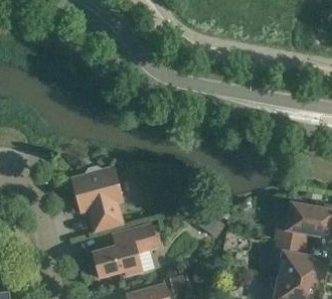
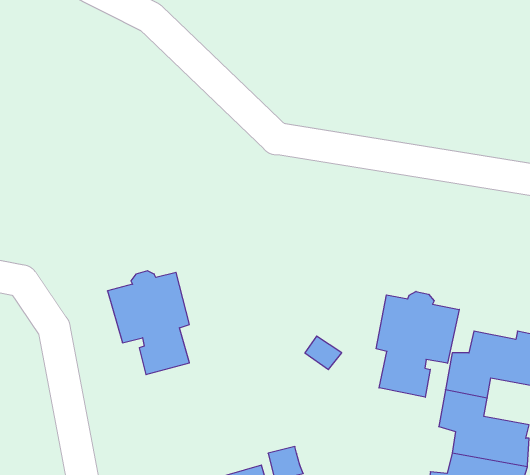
building: none -> [376,291,459,397]
building: [91,223,157,277] -> none

